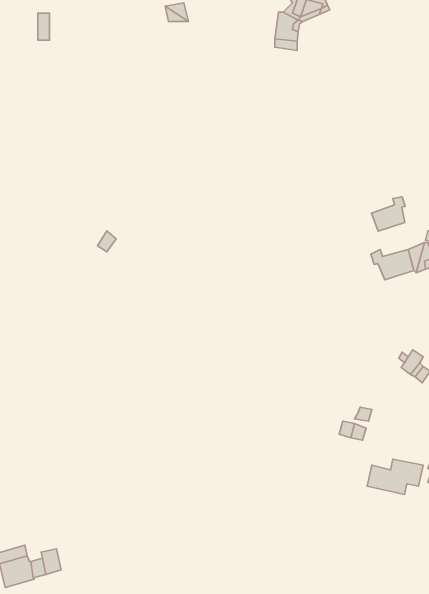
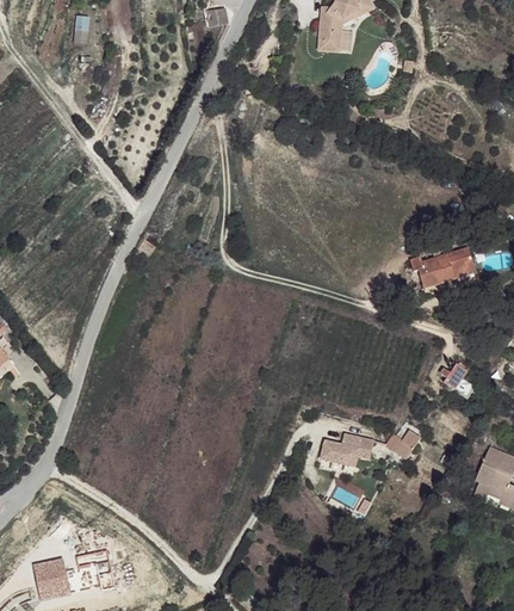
building: [371,197,405,231] -> none
building: [367,459,423,494] -> [317,431,374,467]

